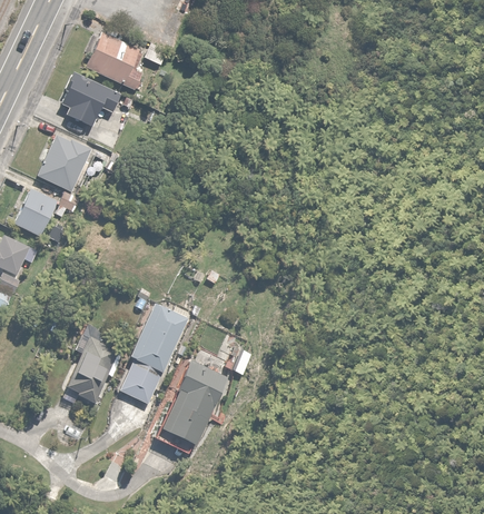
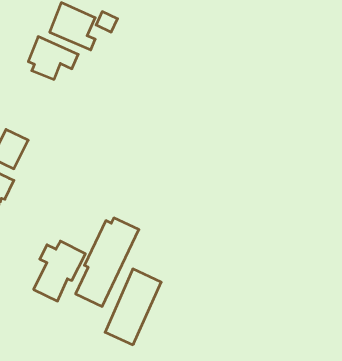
building: [36,132,93,217] -> none

